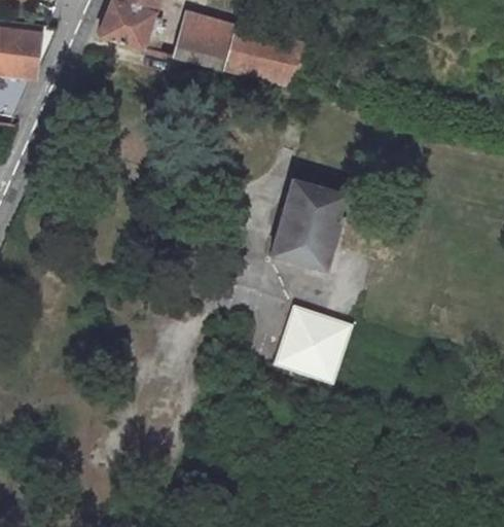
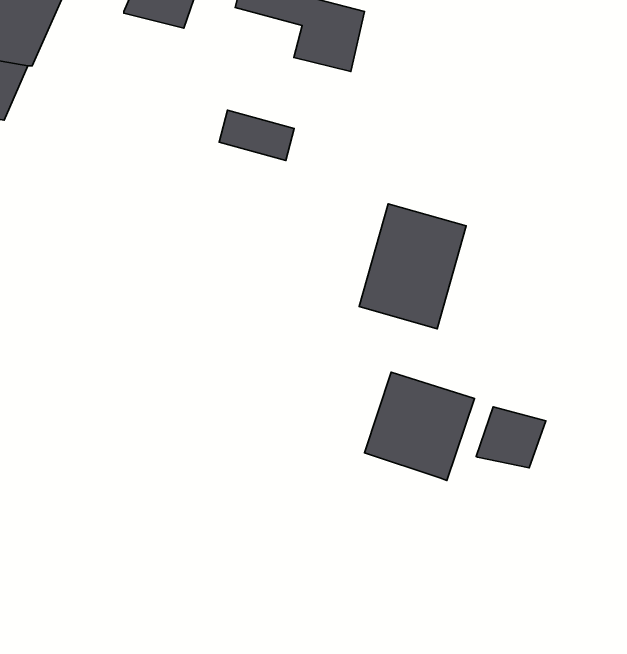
building: [172,34,227,71] -> [219,110,294,160]
building: [263,37,305,90] -> none
building: none -> [476,407,546,468]

